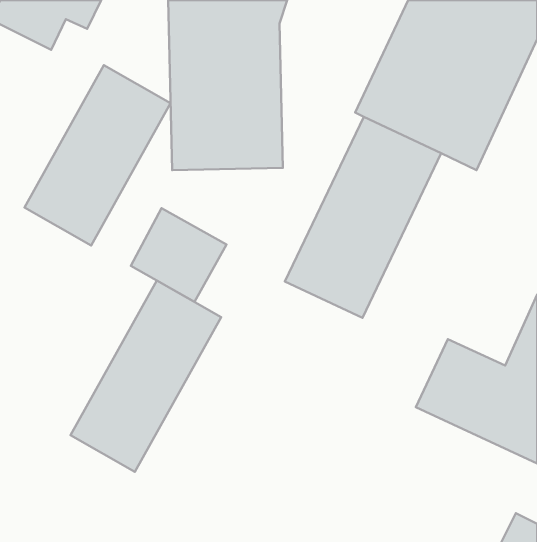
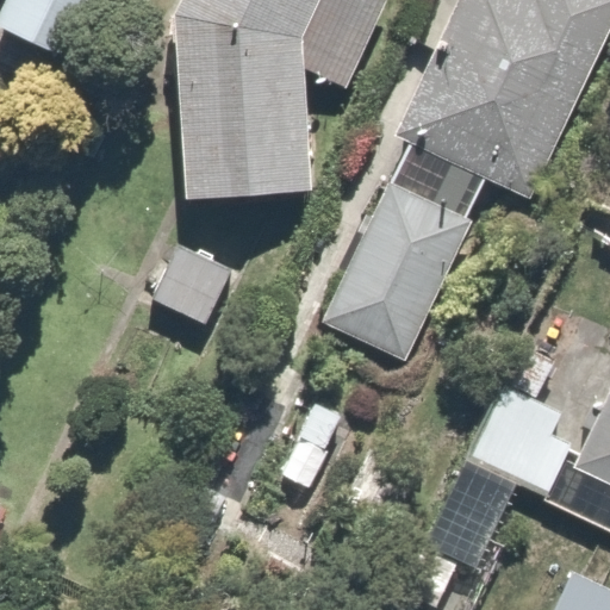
building: [25,65,171,246] -> none
building: [70,280,221,472] -> none

